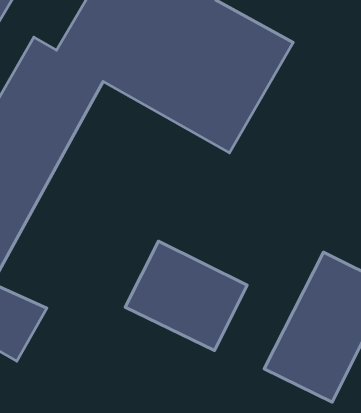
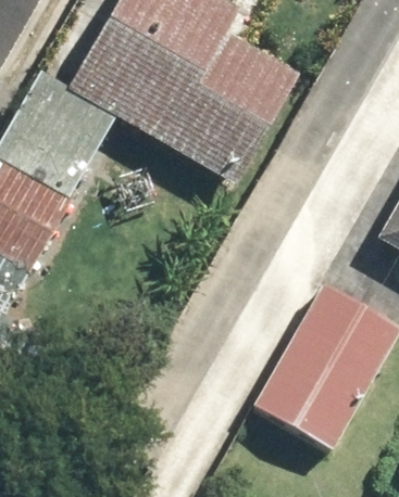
building: [125,241,247,351] -> none

